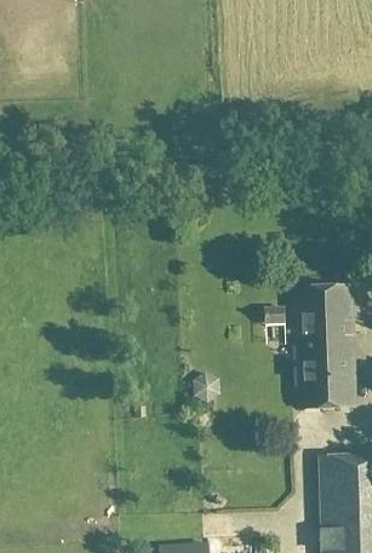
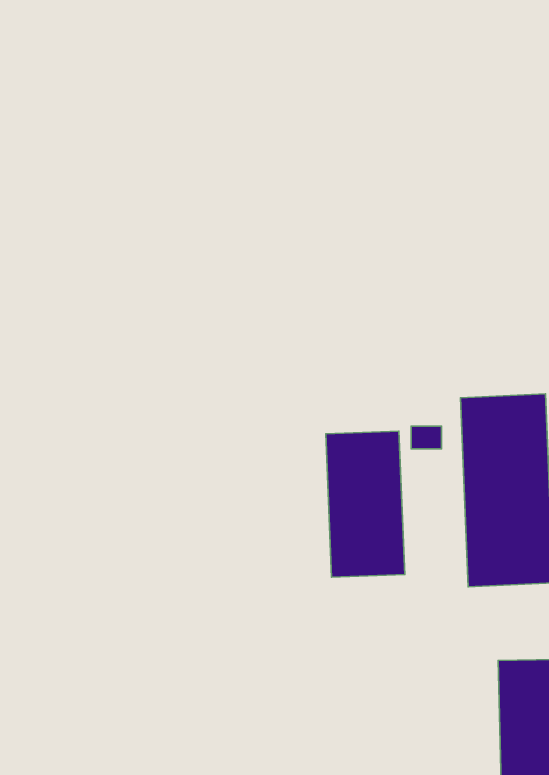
building: none -> [326,431,405,577]

